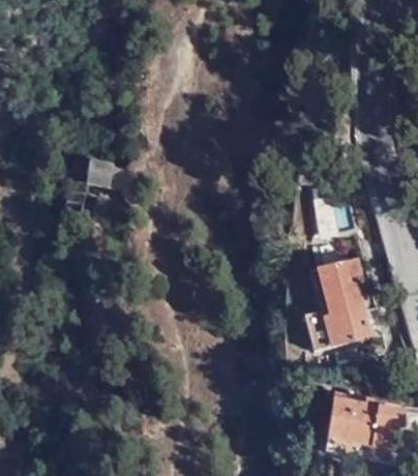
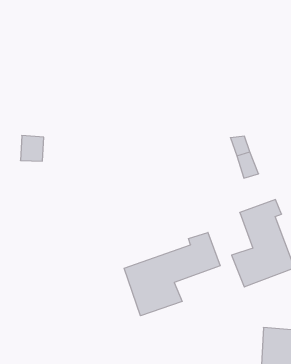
building: none -> [124,232,220,316]

